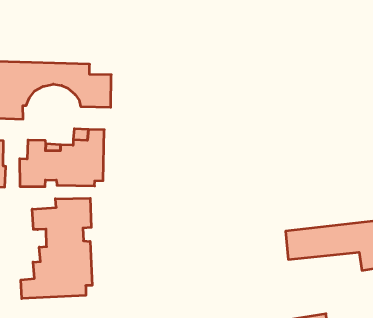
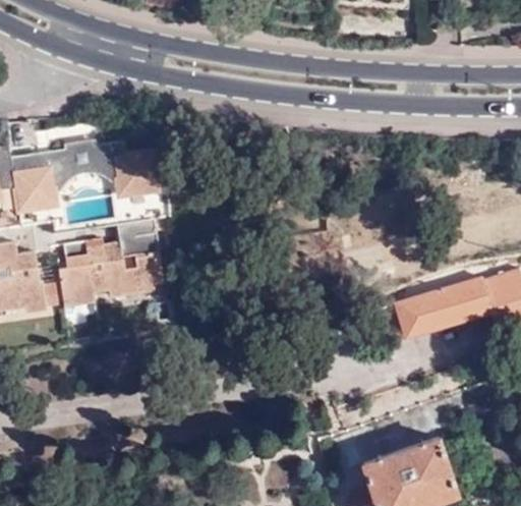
building: [21,198,92,299] -> none

